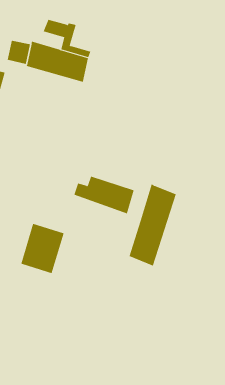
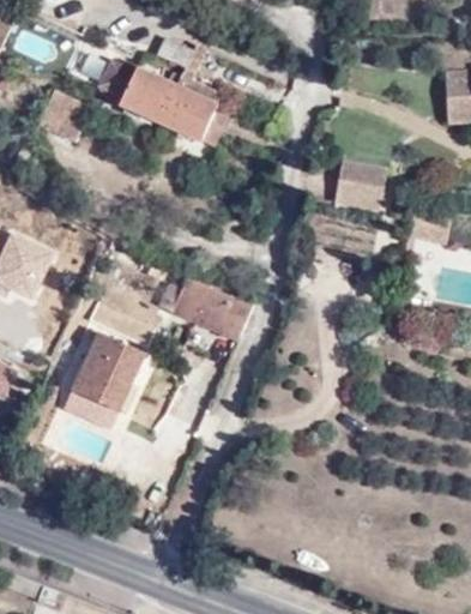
building: none -> [333,164,386,215]
building: [129,183,176,266] -> none

